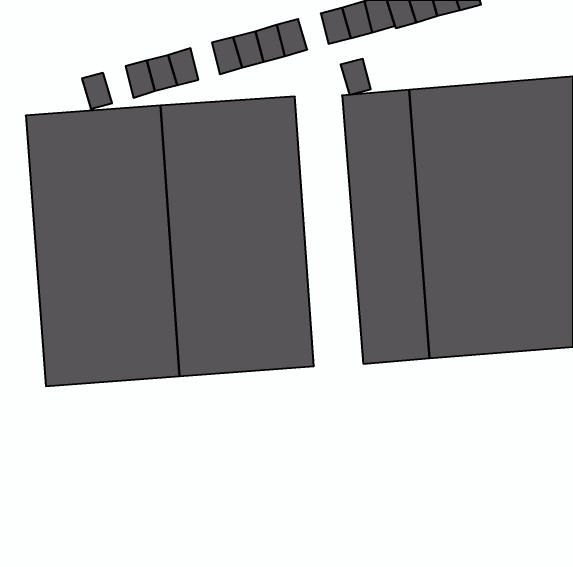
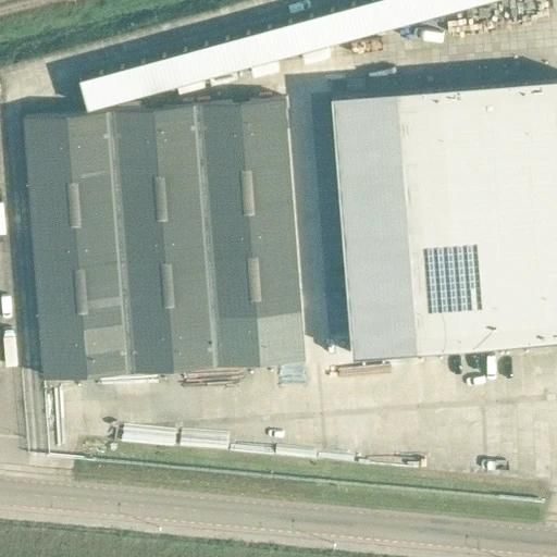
building: none -> [185,48,213,84]
building: [341,59,371,95] -> [289,20,319,54]
building: none -> [100,71,129,107]

